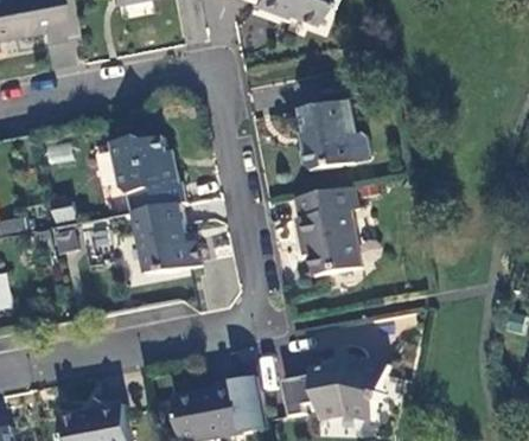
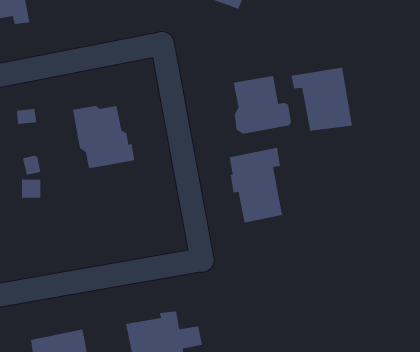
building: none -> [291,67,353,132]
building: [134,203,200,271] -> none
building: [282,356,389,418] -> none

